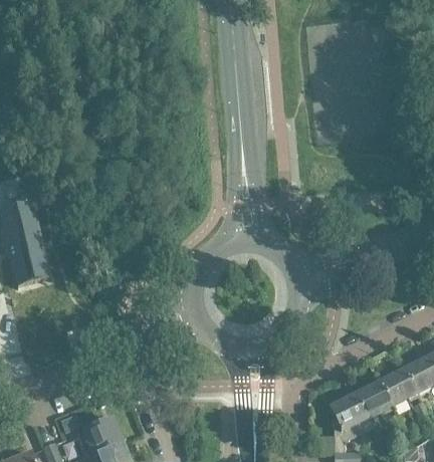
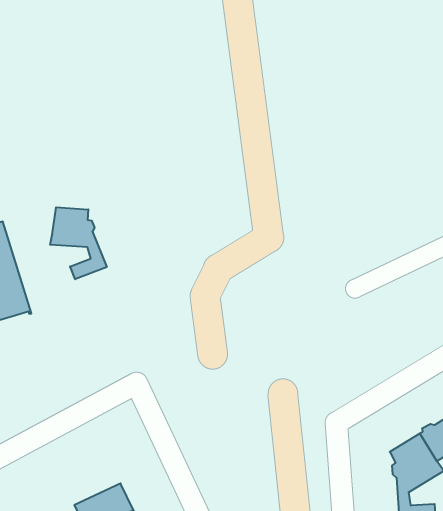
building: none -> [50,207,107,279]

